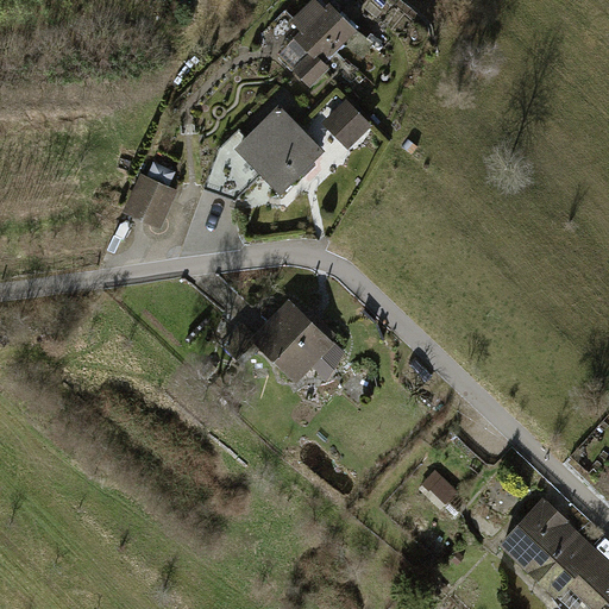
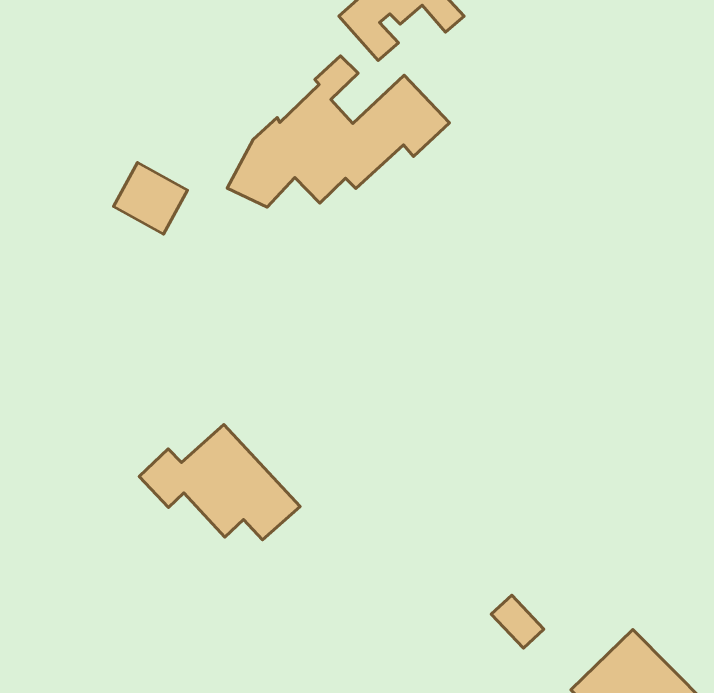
building: [227,302,350,387] -> [139,424,300,540]

